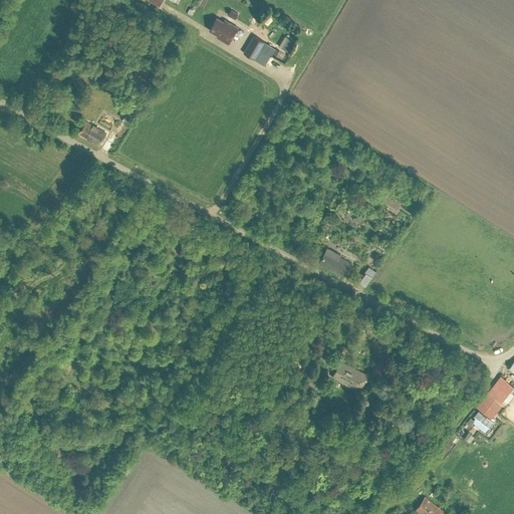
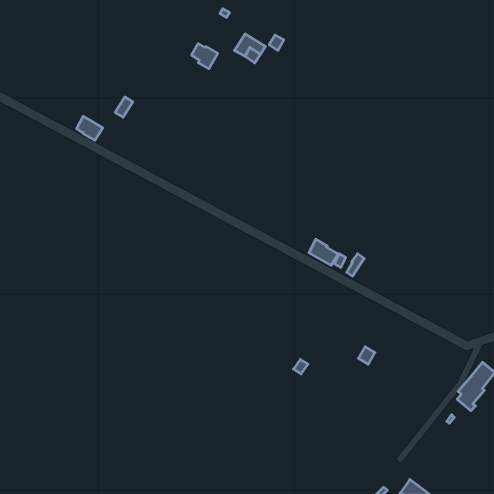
building: [211,18,238,44] -> [192,44,218,69]
building: [334,361,367,391] -> none

